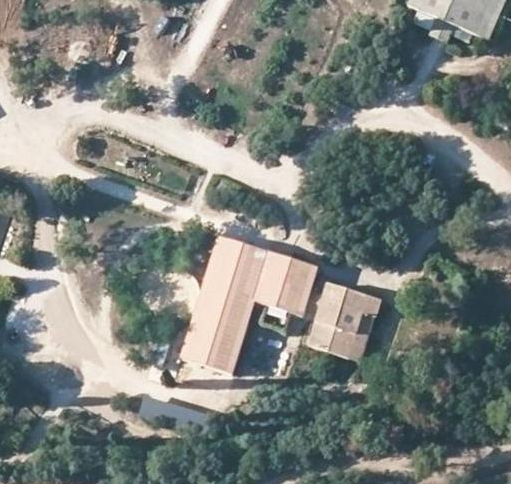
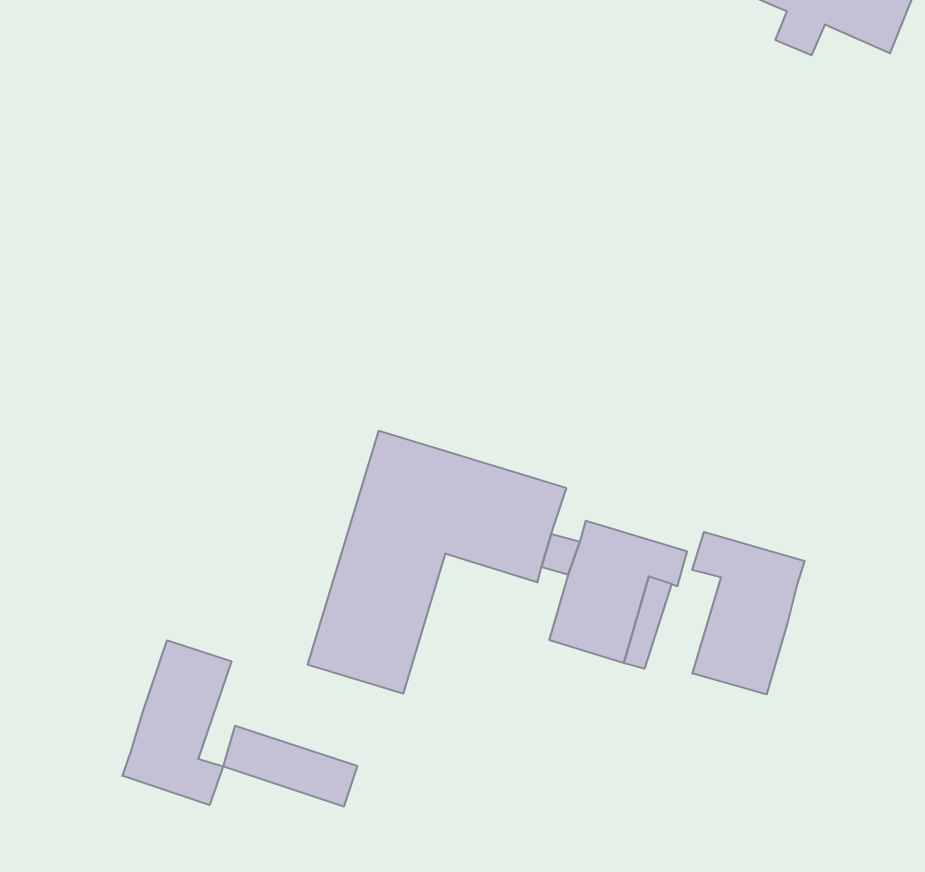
building: none -> [692,532,805,694]
building: none -> [122,640,232,805]

